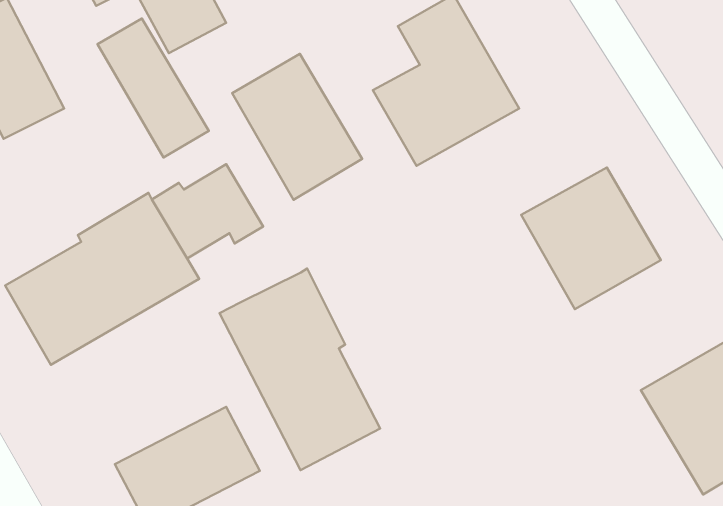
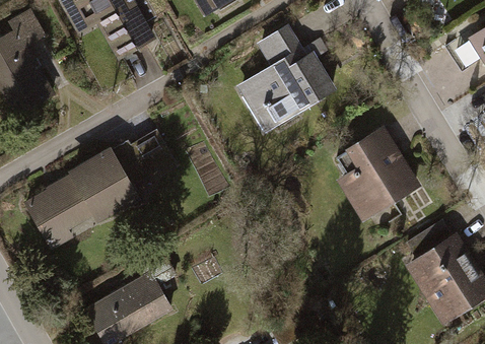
building: [97,18,209,158] -> none
building: [232,54,362,200] -> none
building: [219,269,380,470] -> none

